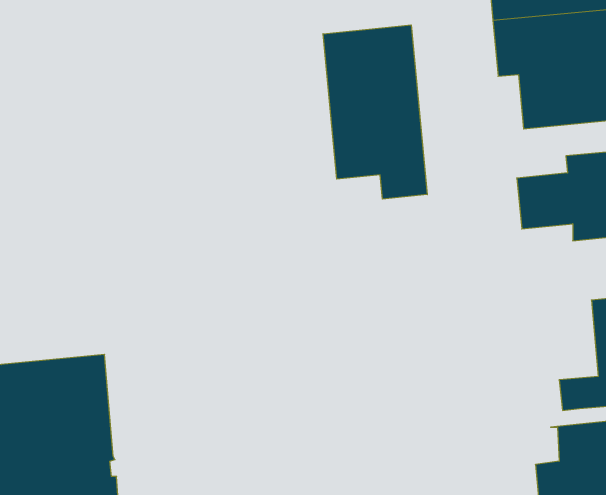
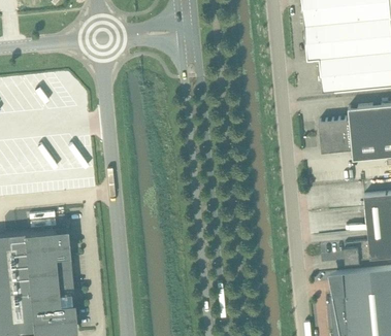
building: [323,25,427,199] -> none

